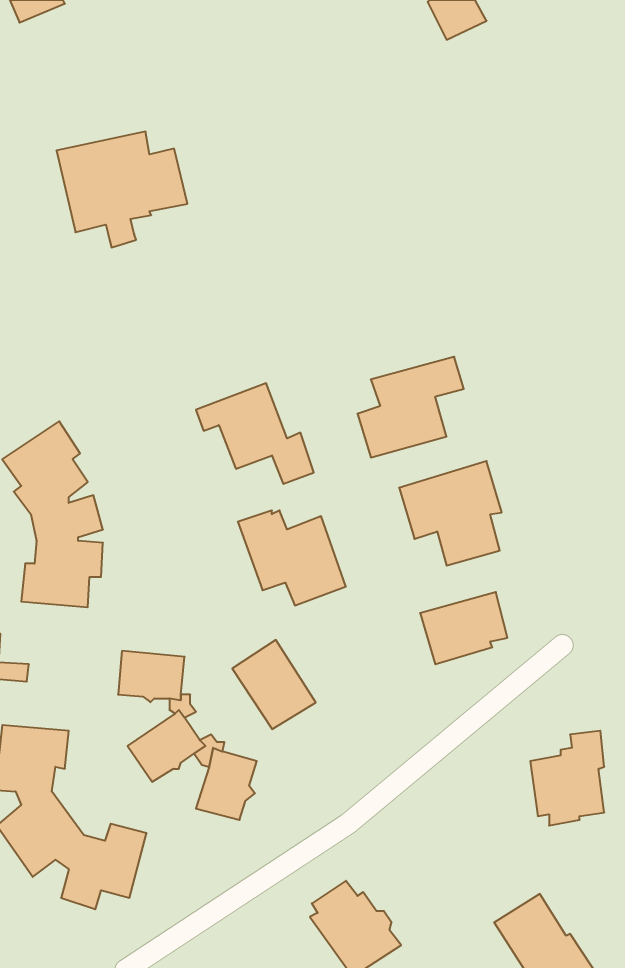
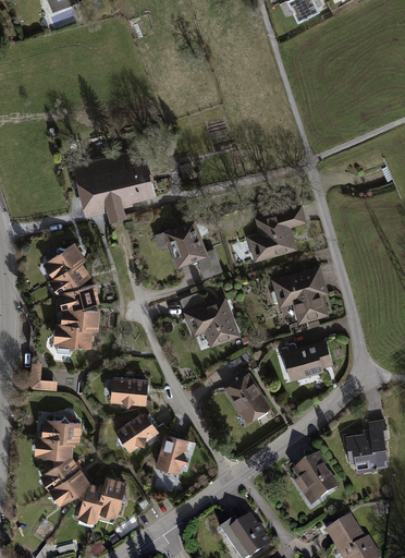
building: [56,132,187,247] -> [76,154,151,220]
building: [232,640,316,729] -> [223,374,271,425]
building: none -> [292,452,340,507]

